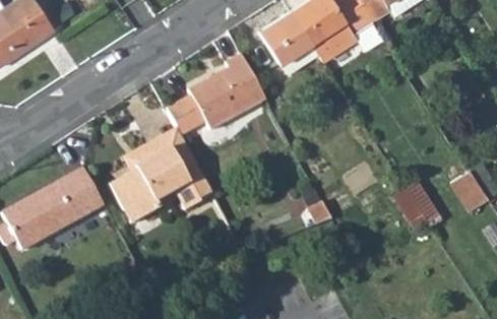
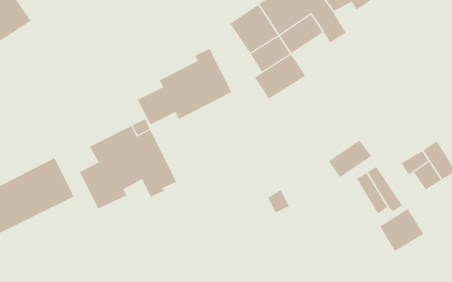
building: none -> [254,54,306,99]
building: none -> [328,139,372,178]
building: none -> [380,208,424,252]

